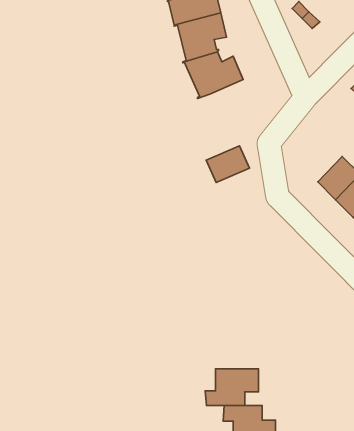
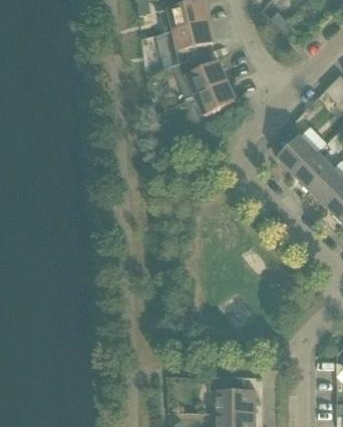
building: none -> [276,135,315,174]
building: [206,146,250,182] -> [196,81,235,115]
building: [205,369,259,406] -> none

